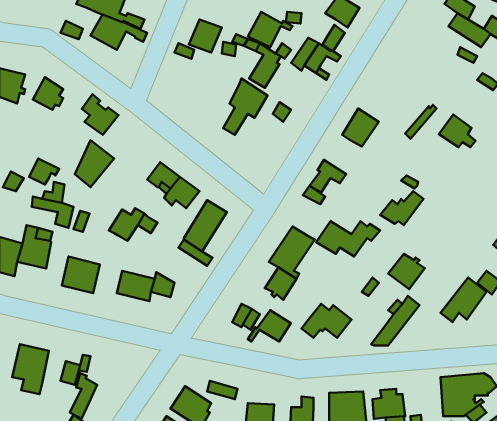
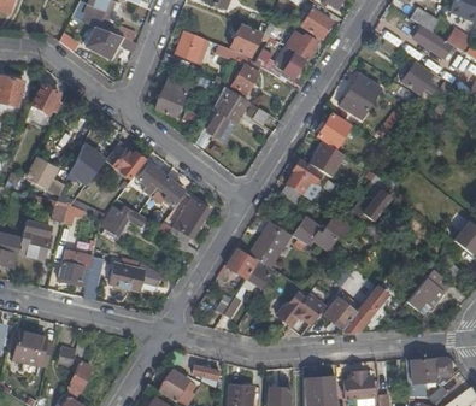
building: none -> [155,76,189,117]
building: none -> [341,81,374,120]
building: [82,94,119,135] -> [111,140,145,177]
building: [439,115,476,147] -> [402,63,436,93]
building: none -> [311,142,346,177]
building: [388,254,425,289] -> [324,298,358,330]
building: [248,310,291,342] -> [217,249,257,278]

